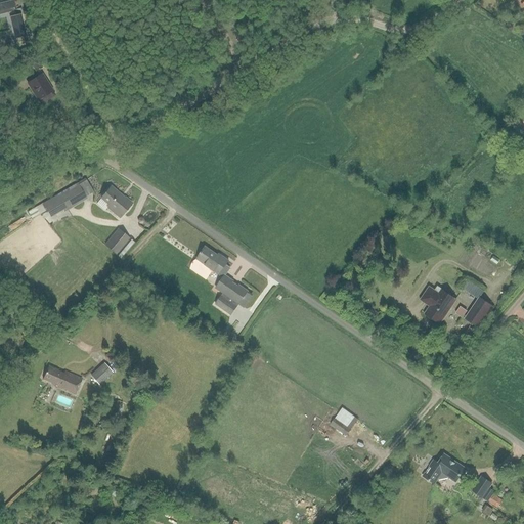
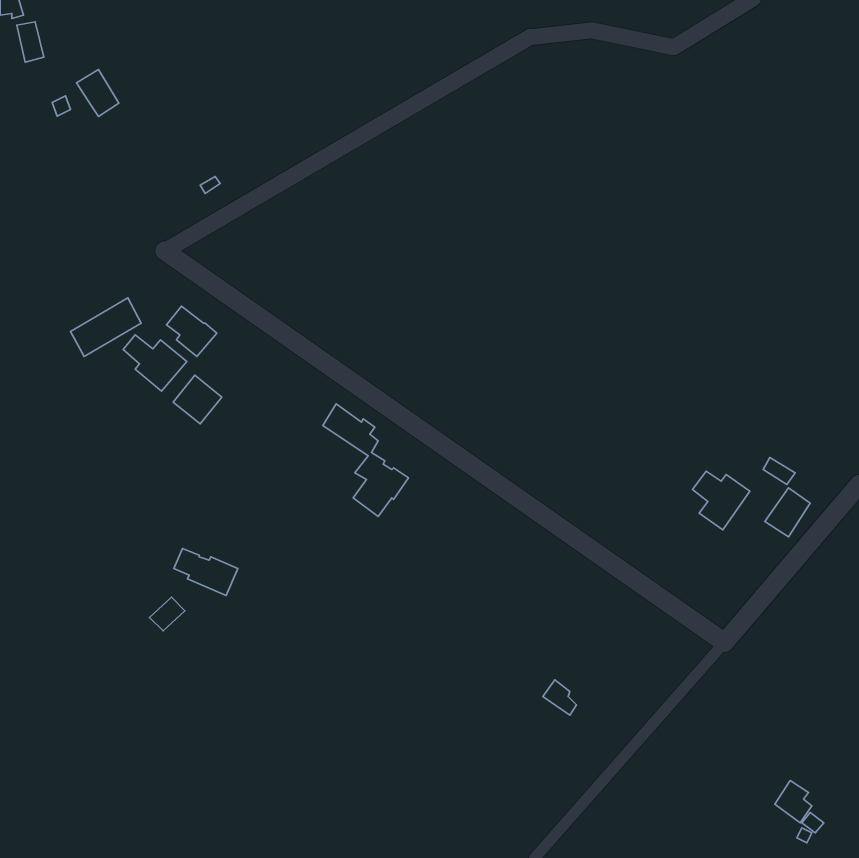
building: [29,75,54,103] -> [77,69,119,117]
building: none -> [123,335,187,391]
building: [43,365,82,394] -> [174,548,238,595]
building: [423,453,465,483] -> none

